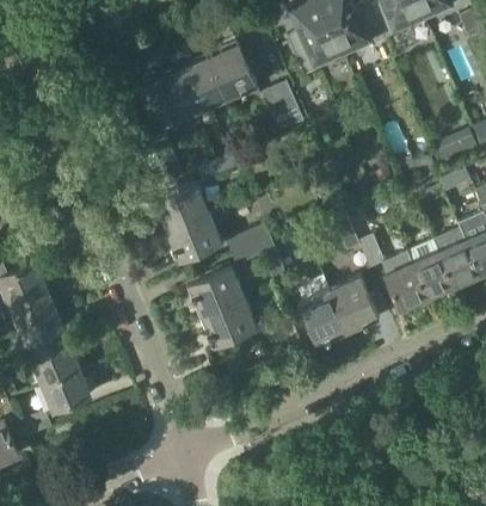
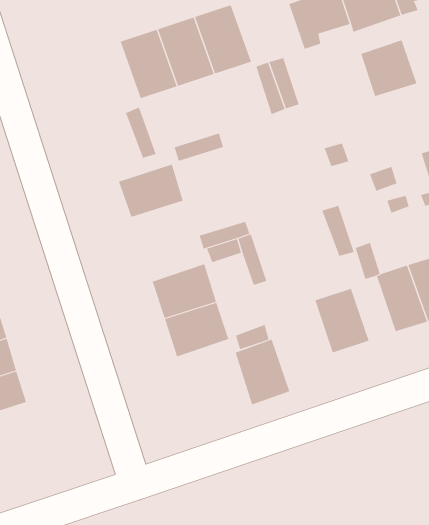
building: none -> [361,39,417,97]
building: [165,212,222,263] -> none
building: [297,289,347,347] -> [235,339,290,405]

